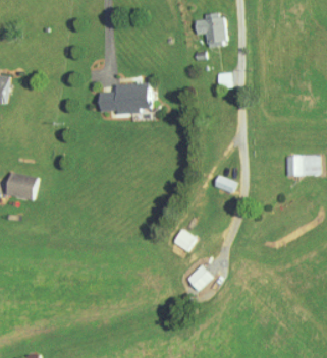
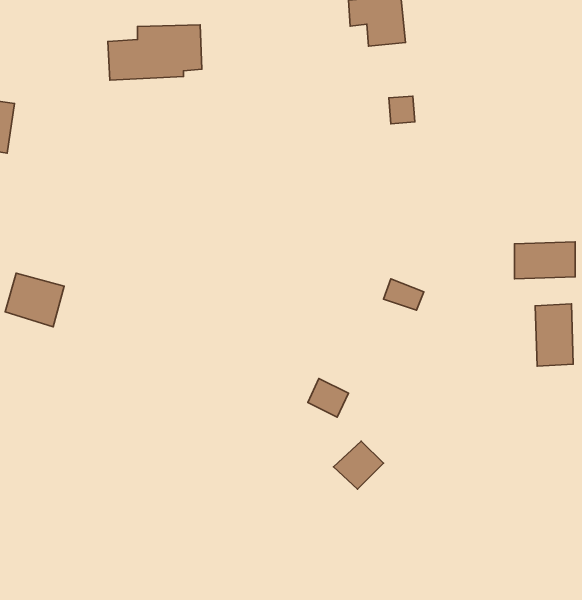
building: [100,83,152,114] -> [108,25,202,80]
building: none -> [535,304,573,366]

